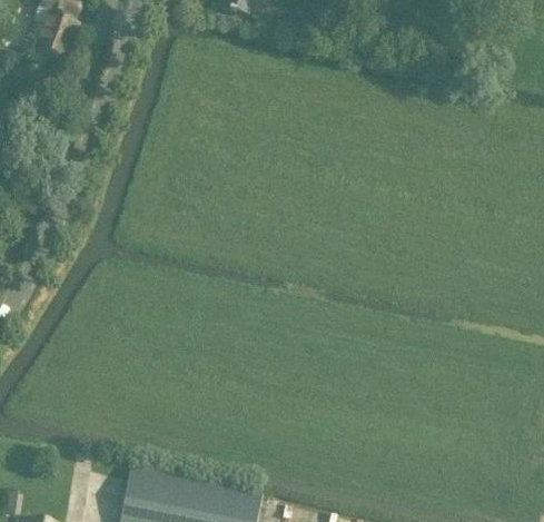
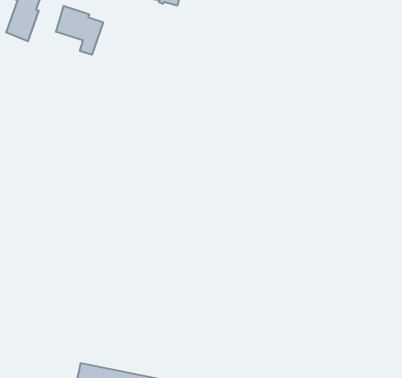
building: none -> [56,6,103,55]

